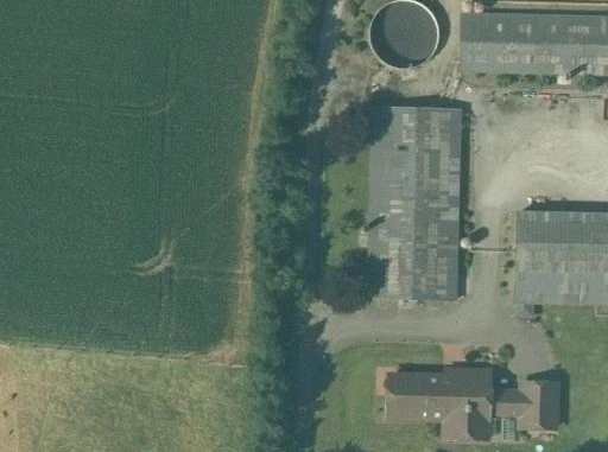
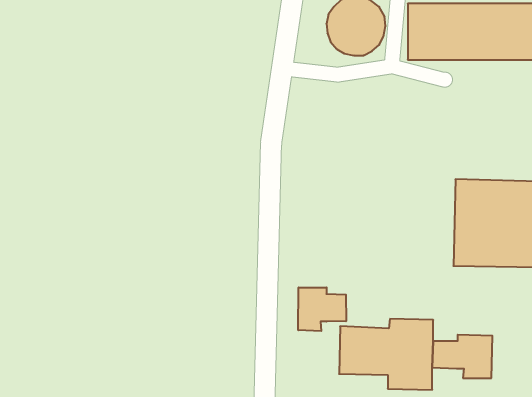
building: [368,112,461,299] -> none
building: none -> [298,287,346,331]

